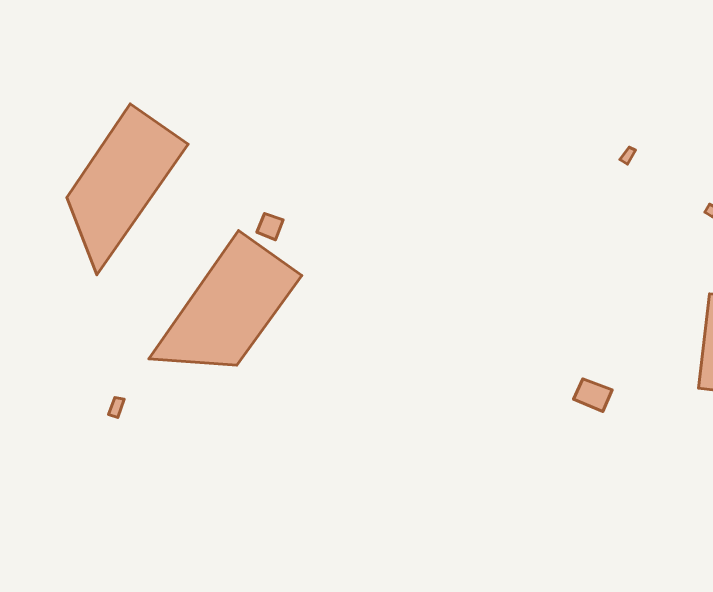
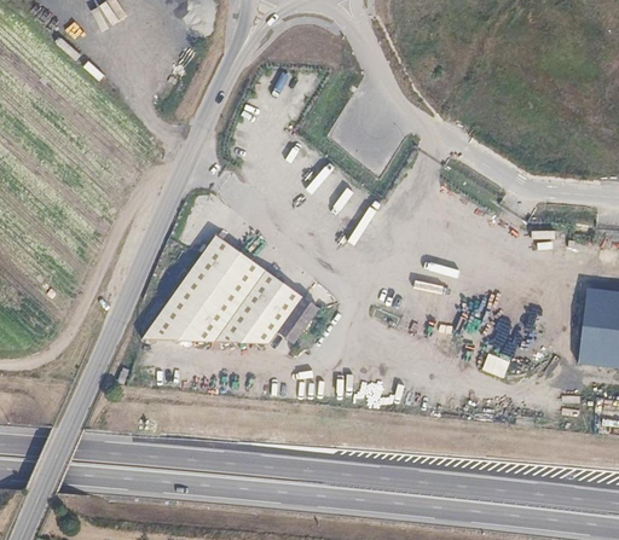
building: [67,104,188,275] -> none
building: none -> [215,271,319,344]

